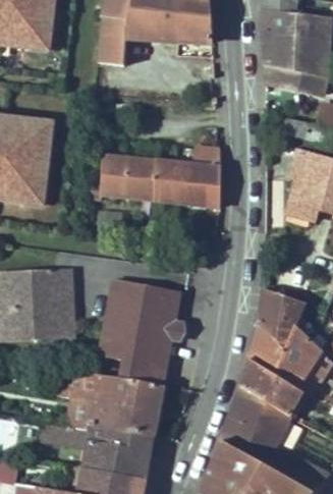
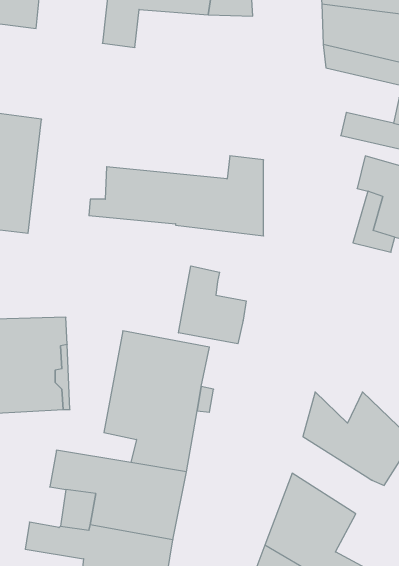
building: none -> [179,266,246,344]
building: [259,289,304,348] -> none
building: [241,359,301,417] -> none

